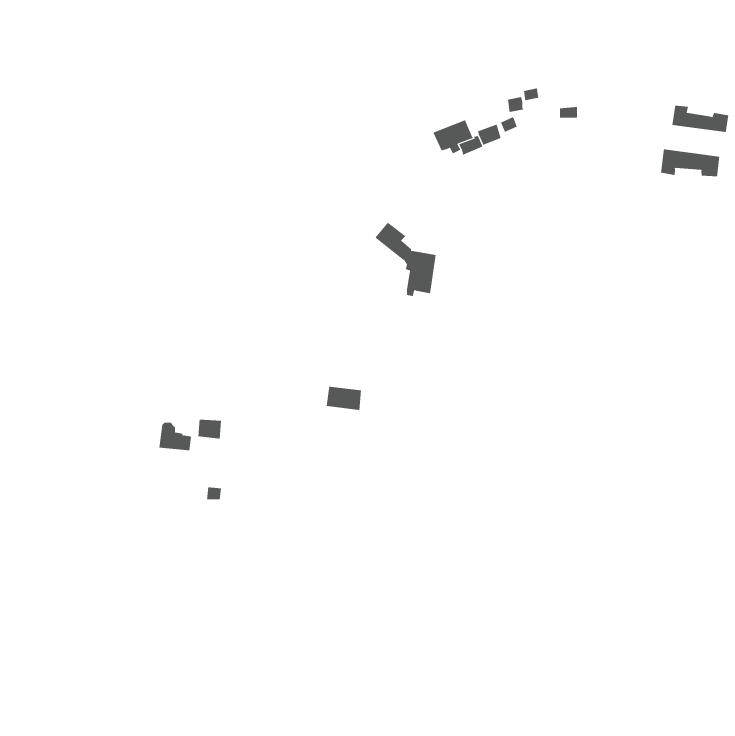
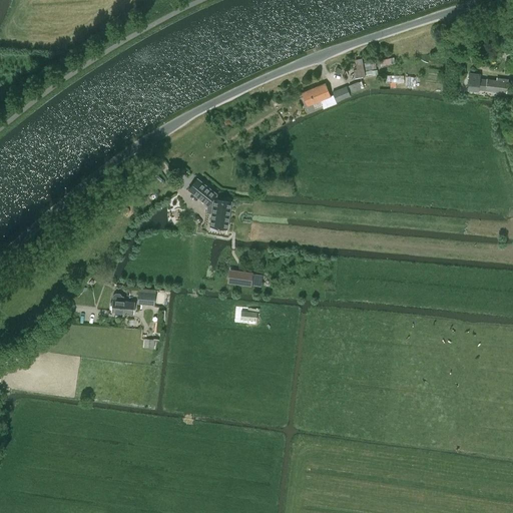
building: [660,149,720,177] -> none
building: [375,222,436,297] -> [187,178,230,230]

